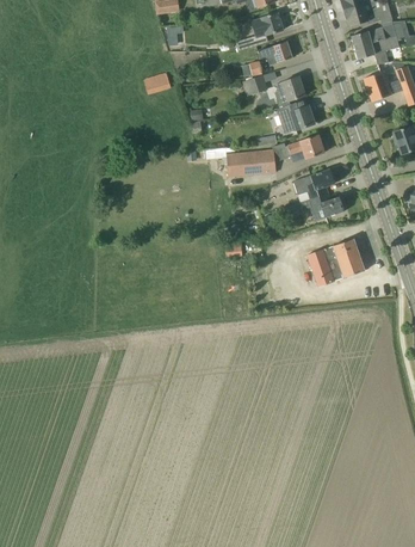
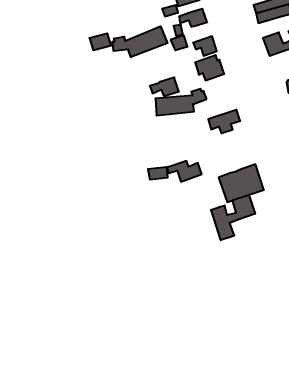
building: none -> [112,26,168,57]
building: [287,134,324,158] -> [150,77,179,96]
building: [299,193,343,220] -> [167,161,202,182]
building: none -> [211,195,255,240]

